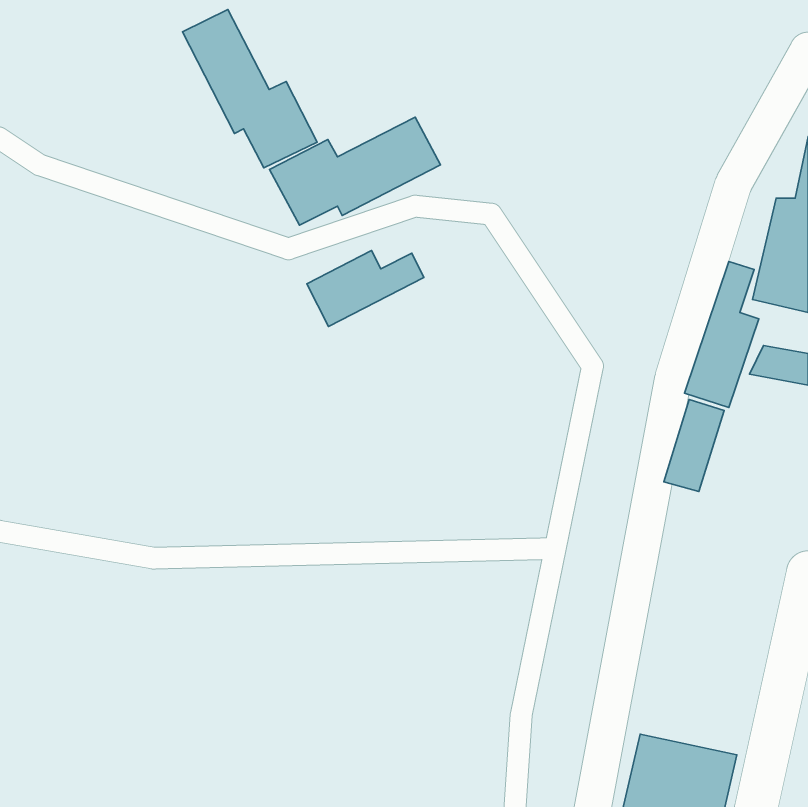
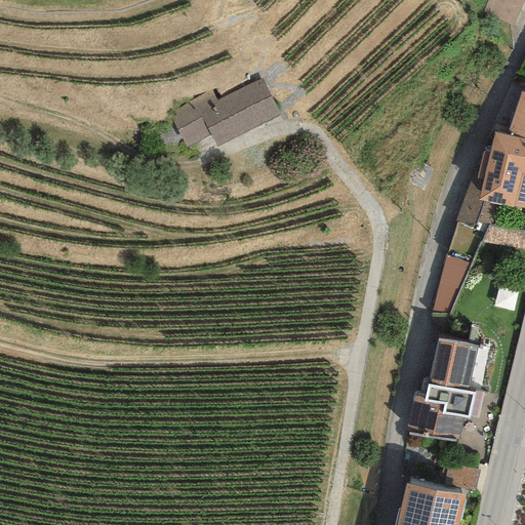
building: [183,9,317,168] -> none
building: [307,251,424,327] -> none
building: none -> [412,333,484,441]

